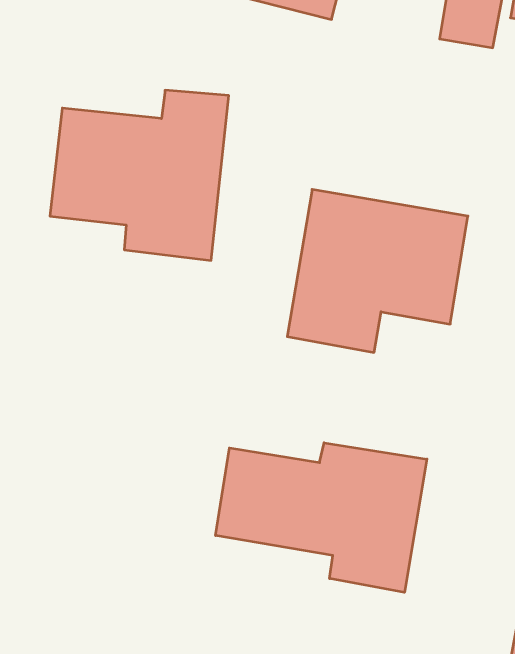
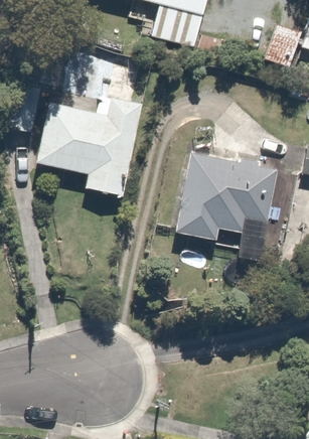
building: [216,443,427,592] -> none

